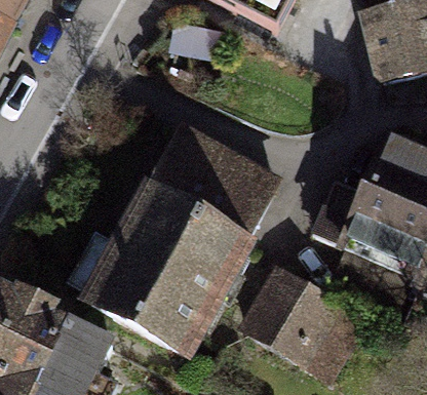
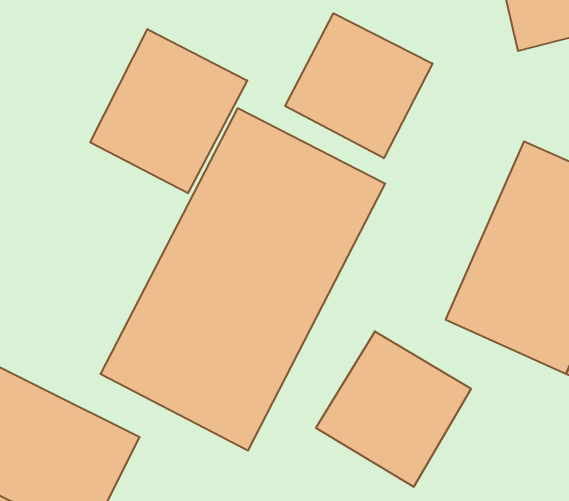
building: none -> [285,13,433,158]
building: none -> [90,29,247,193]

